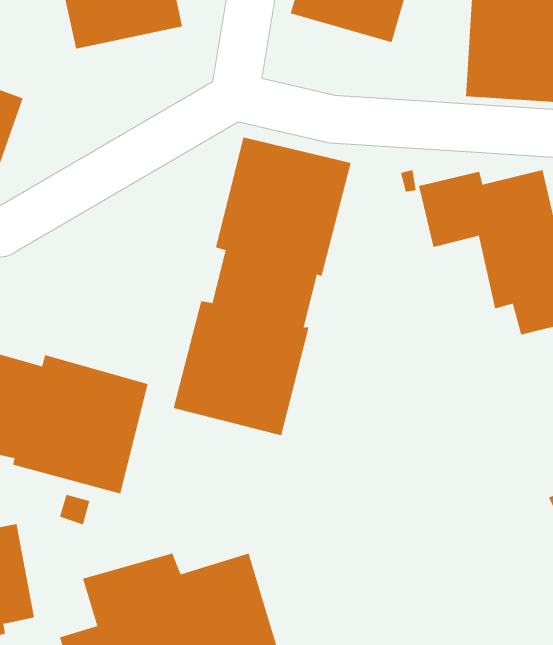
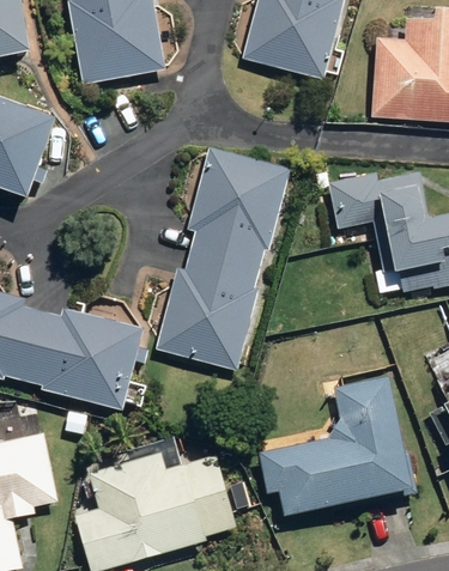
building: none -> [259,376,406,514]

